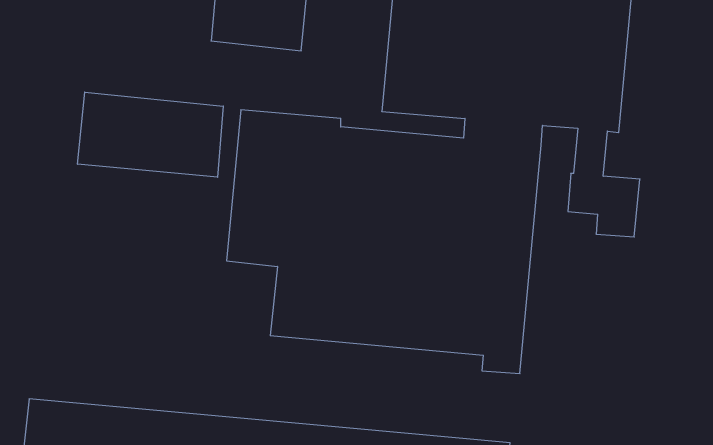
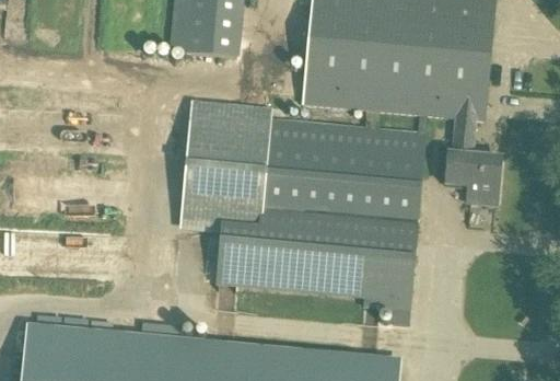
building: [78,92,223,177] -> none

